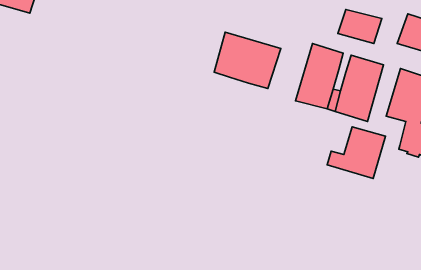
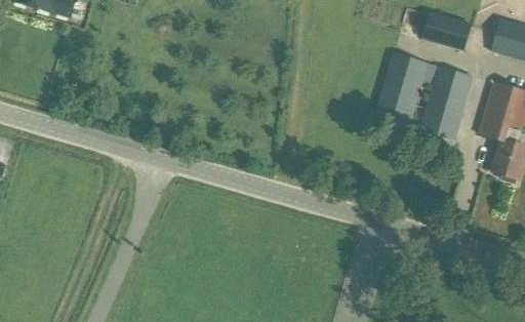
building: [214,32,281,88] -> none
building: [327,127,385,179] -> none

